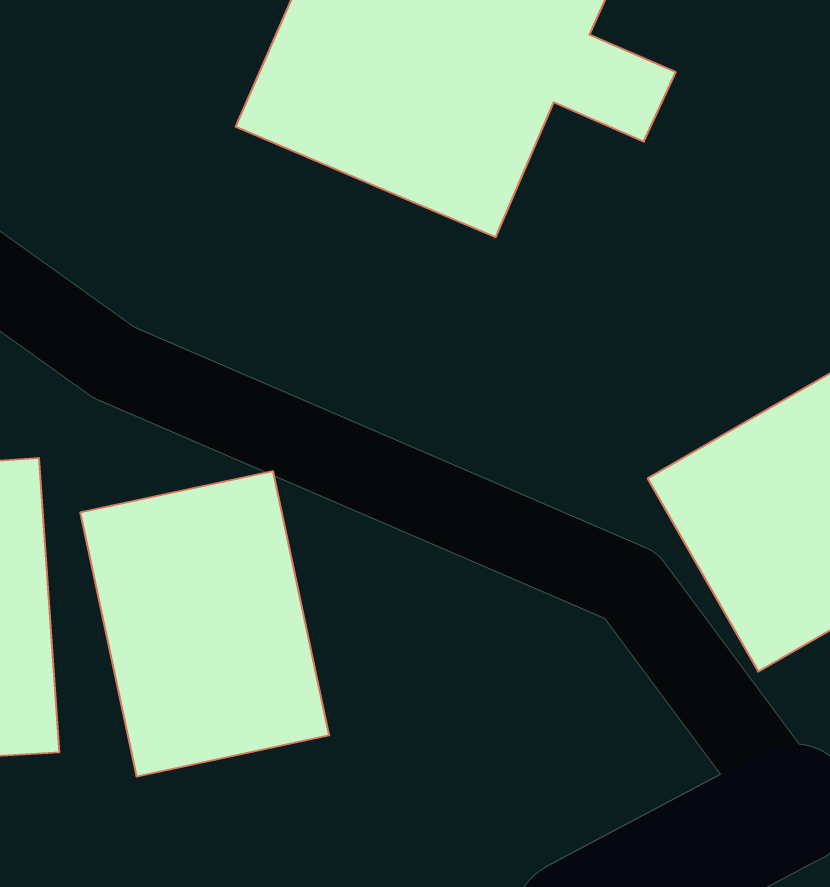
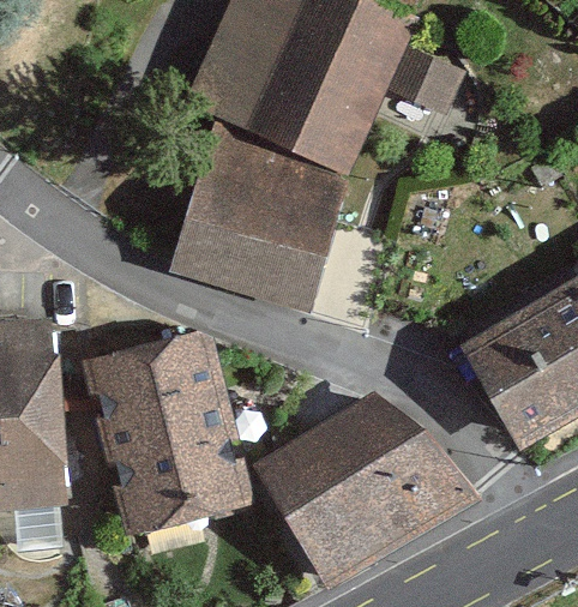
building: none -> [171,144,347,309]
building: none -> [254,391,466,579]

